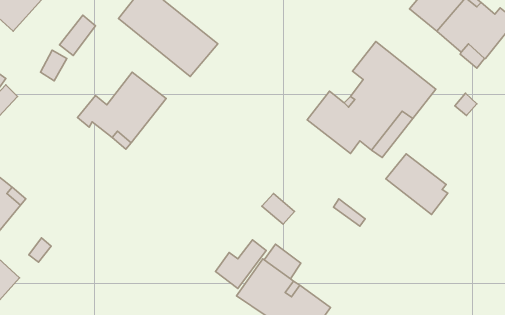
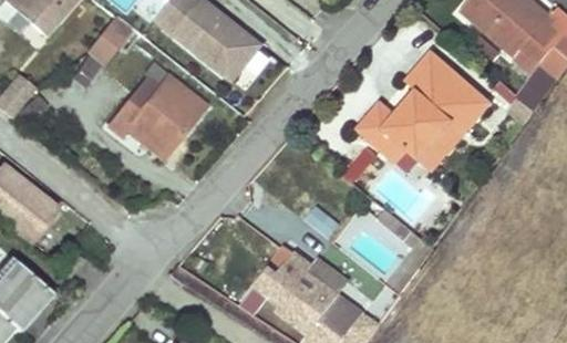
building: [386,154,448,215] -> none

